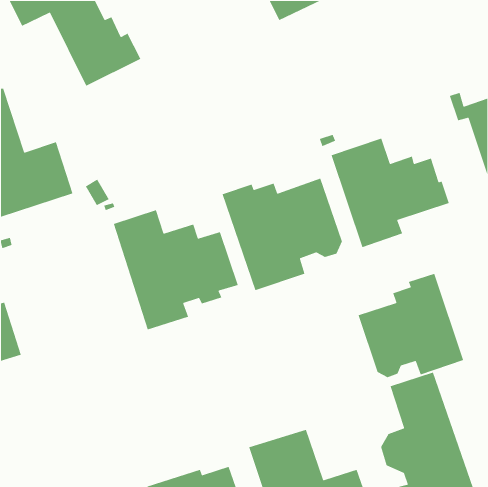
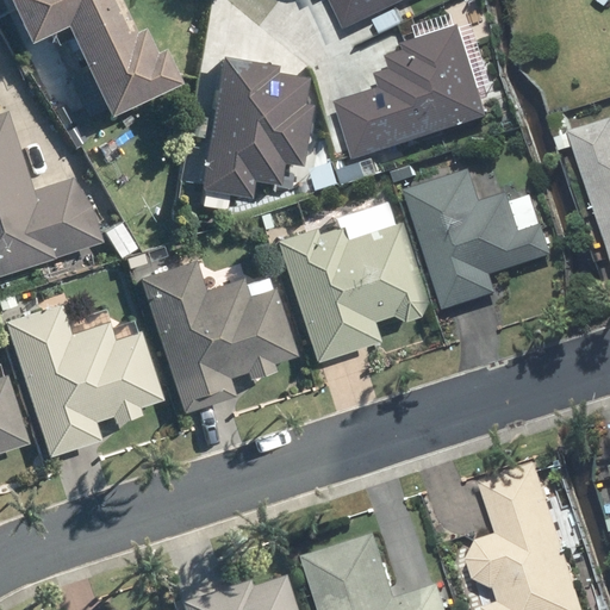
building: none -> [328,25,486,161]
building: none -> [191,51,306,197]
building: none -> [6,306,162,456]
building: [357,273,464,378] -> none

